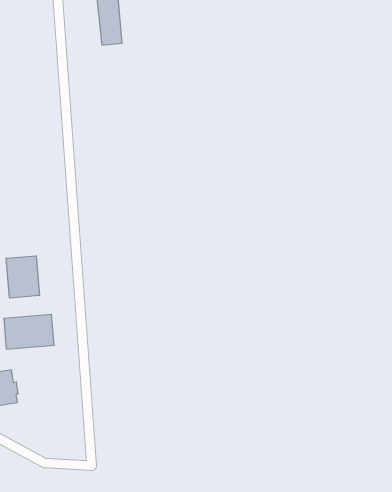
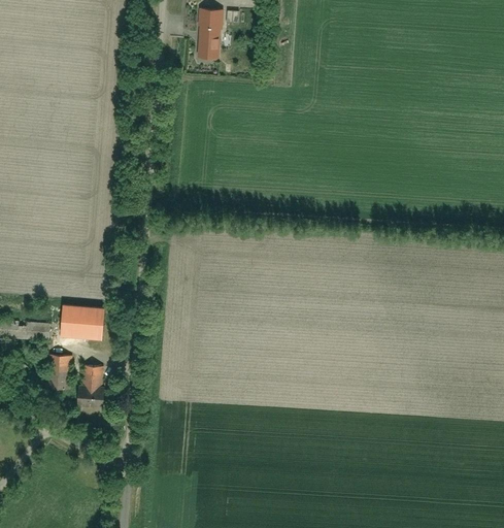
building: [6,256,39,298] -> none
building: none -> [76,364,103,406]

